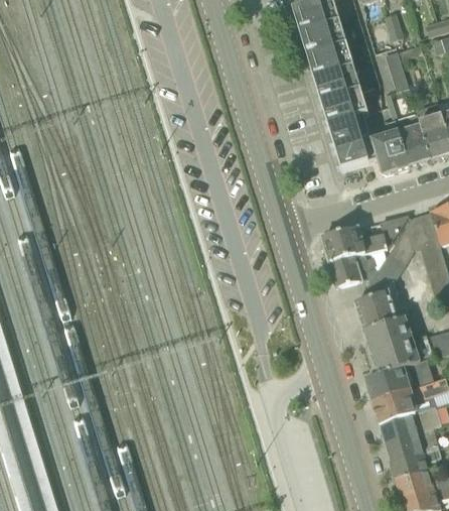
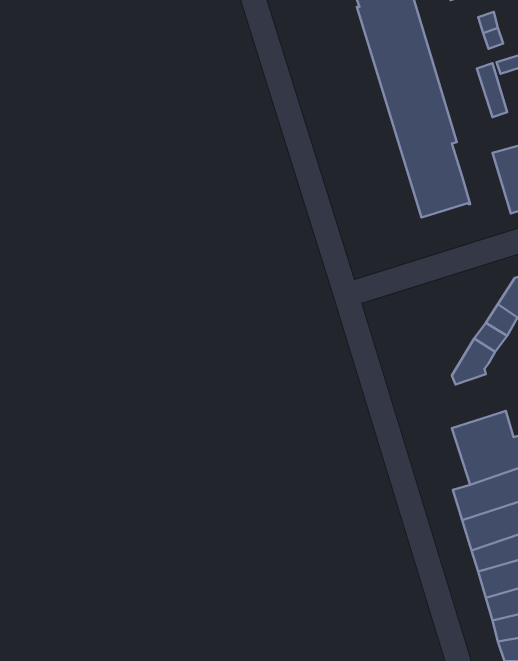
building: [372,120,410,175] -> none
building: [323,216,409,287] -> none
building: [355,290,400,332] -> none

